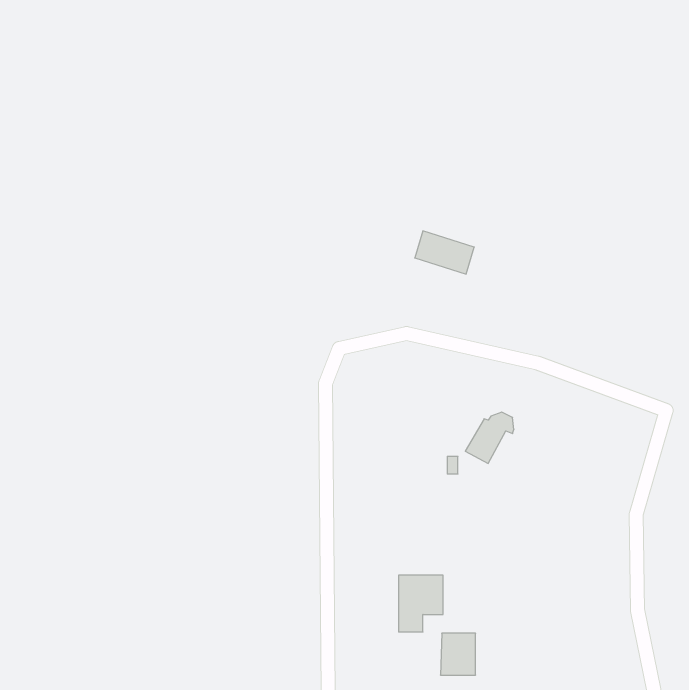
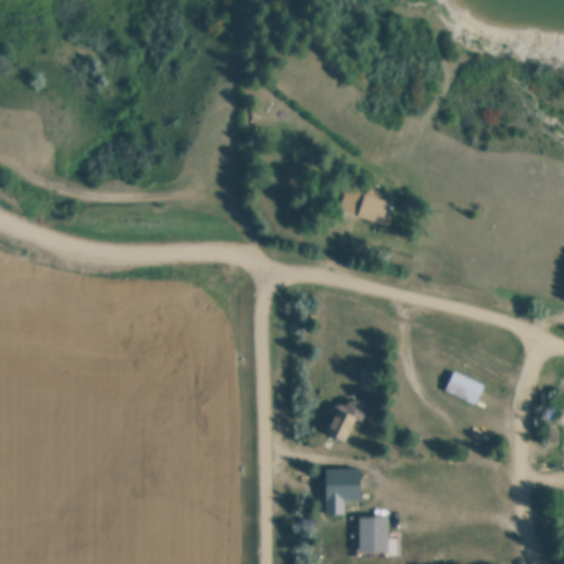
building: [465,412,514,463] -> [325,400,365,442]
building: none -> [444,371,484,405]

